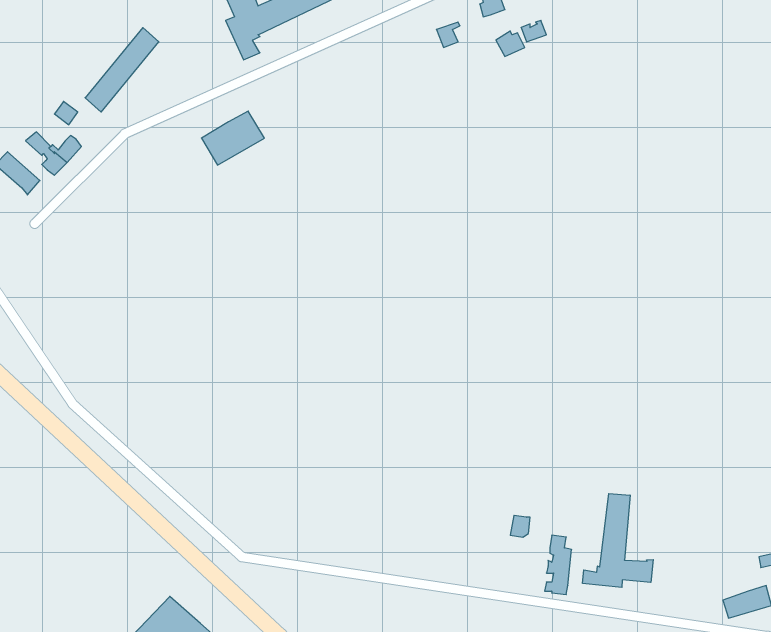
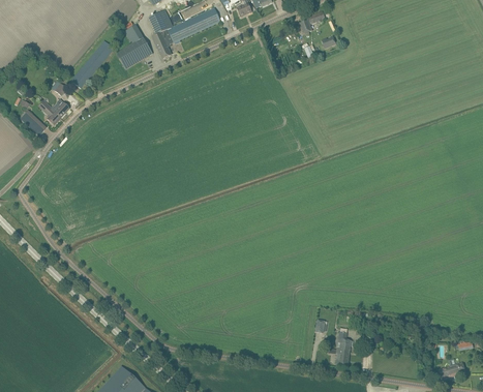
building: [201,111,264,165] -> [117,37,153,68]
building: [583,494,653,587] -> none

